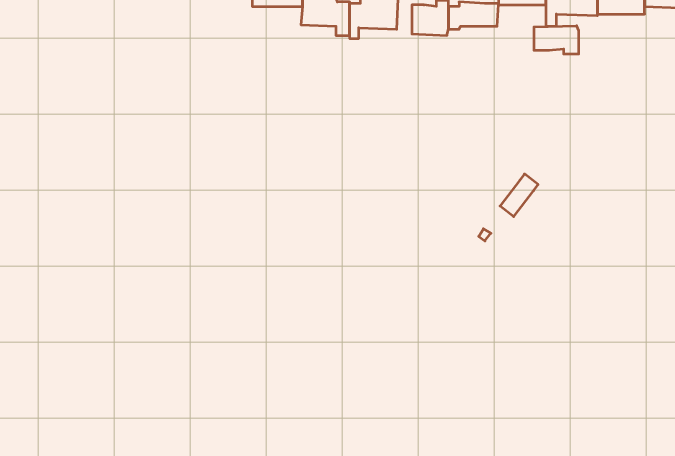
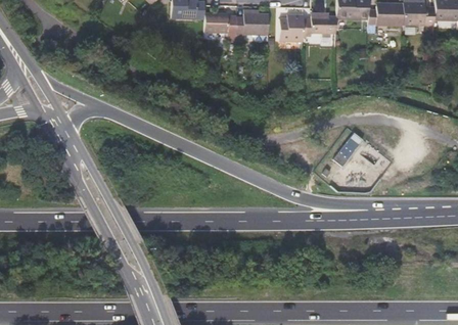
building: [534,26,579,54] -> none

